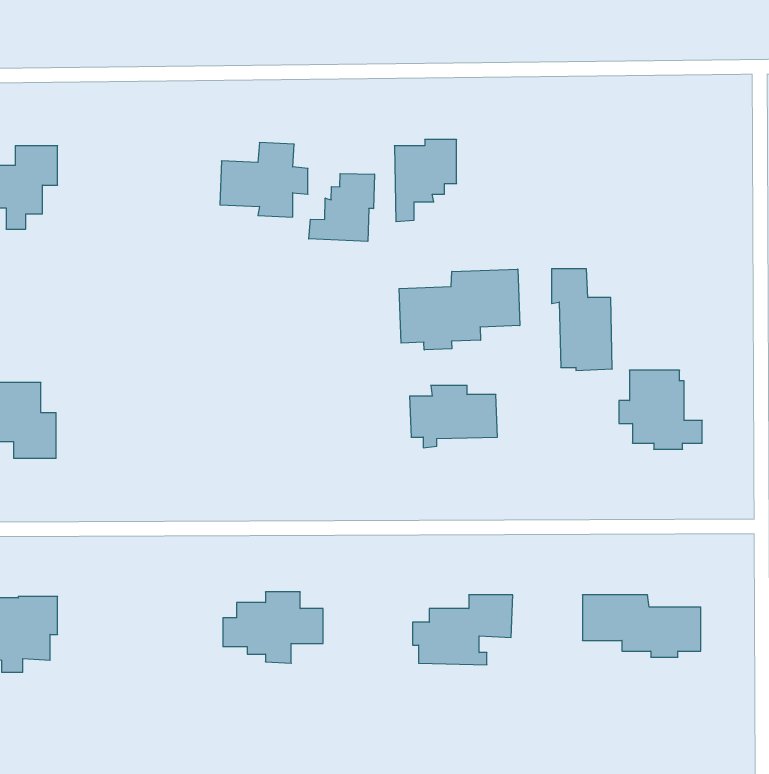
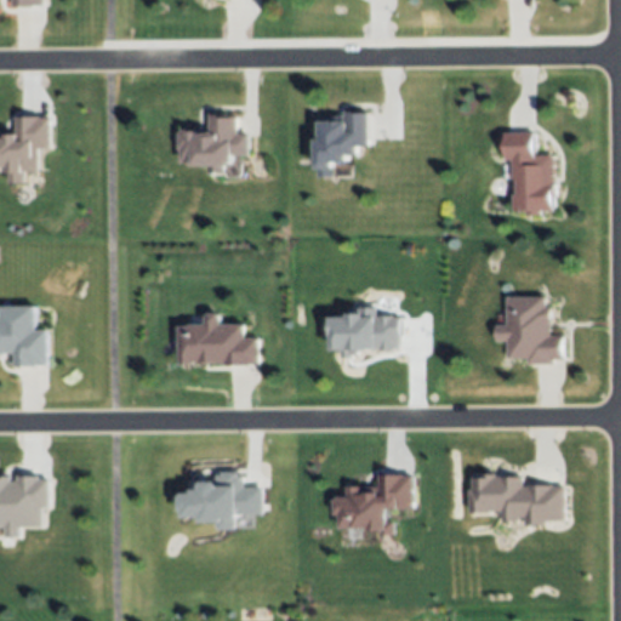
building: [309,174,374,241] -> none
building: [552,269,612,370] -> [501,132,549,213]
building: [399,269,520,350] -> none
building: none -> [176,313,257,365]

